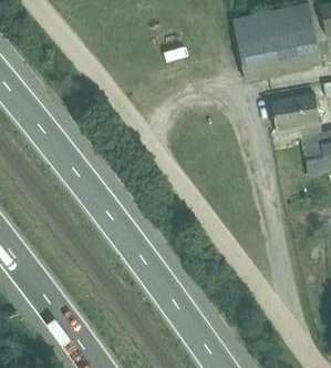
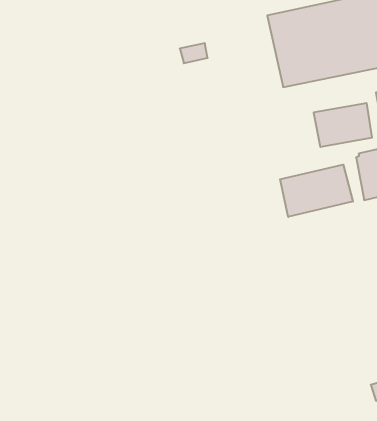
building: none -> [280,165,353,217]

